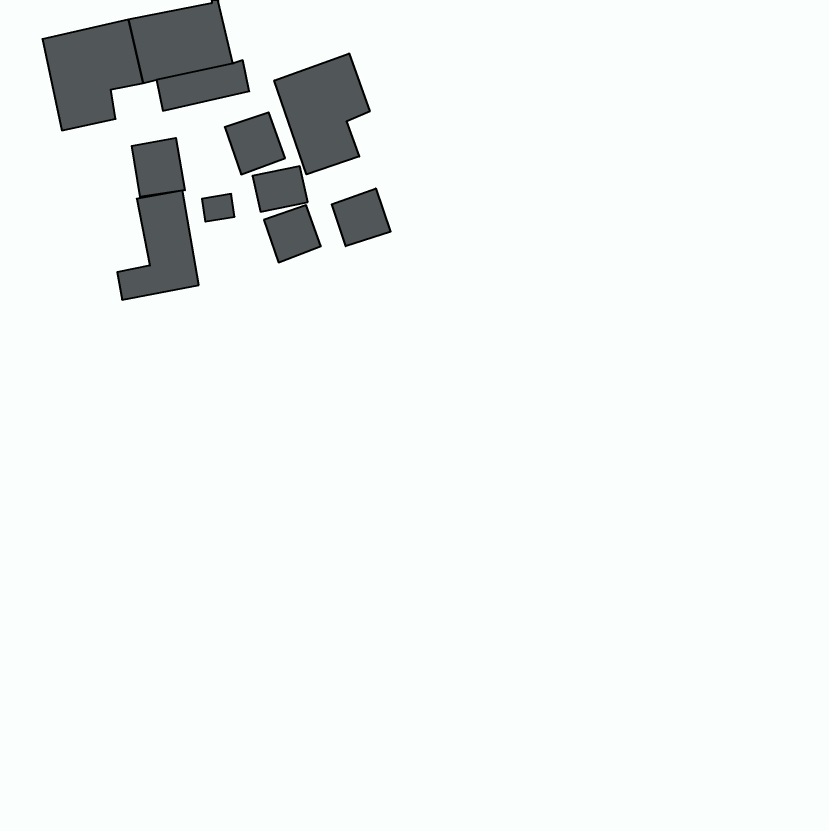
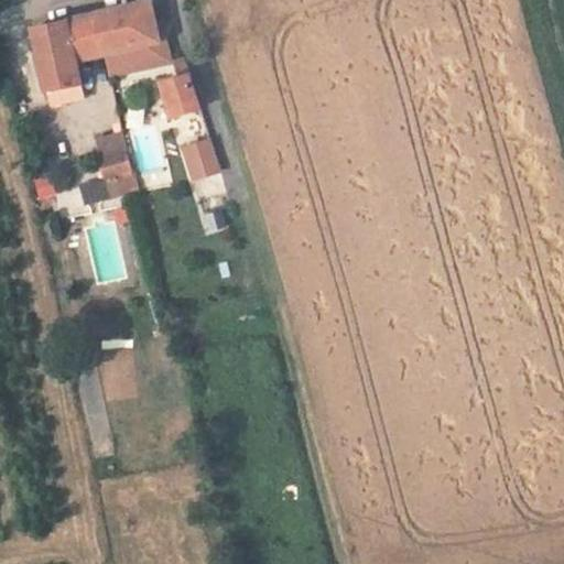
building: [274,53,370,174] -> none
building: [132,138,185,197] -> none
building: [332,188,391,246] -> none

